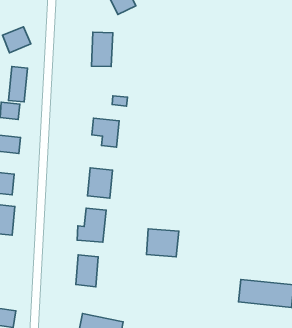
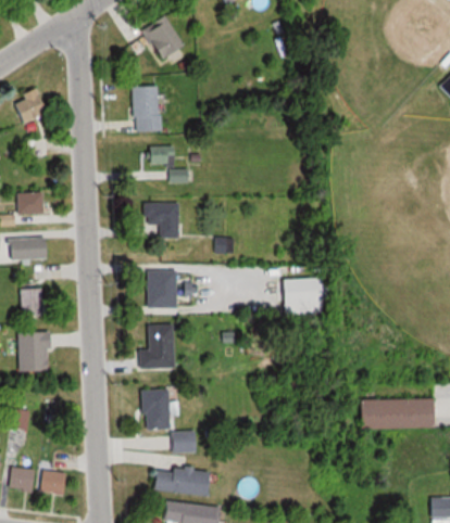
building: [8,66,28,102] -> none
building: none -> [147,146,174,164]
building: [146,229,179,257] -> [282,278,323,314]
building: none -> [171,430,198,451]

